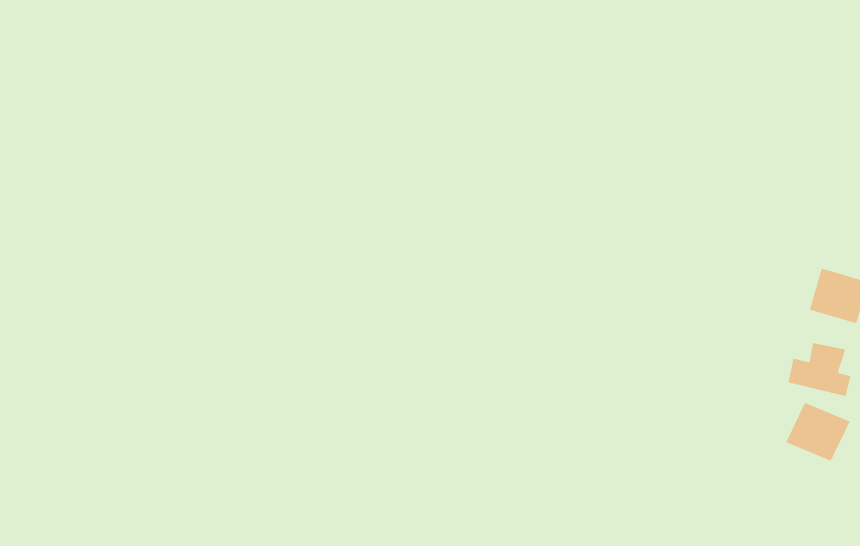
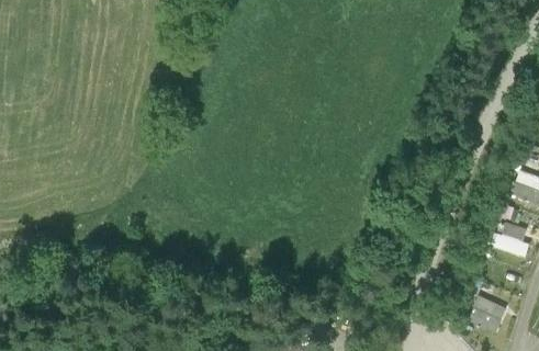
building: [785,402,851,462] -> [468,295,508,332]

